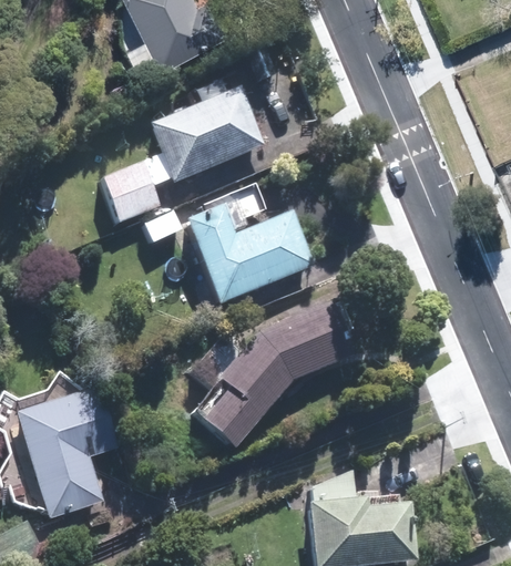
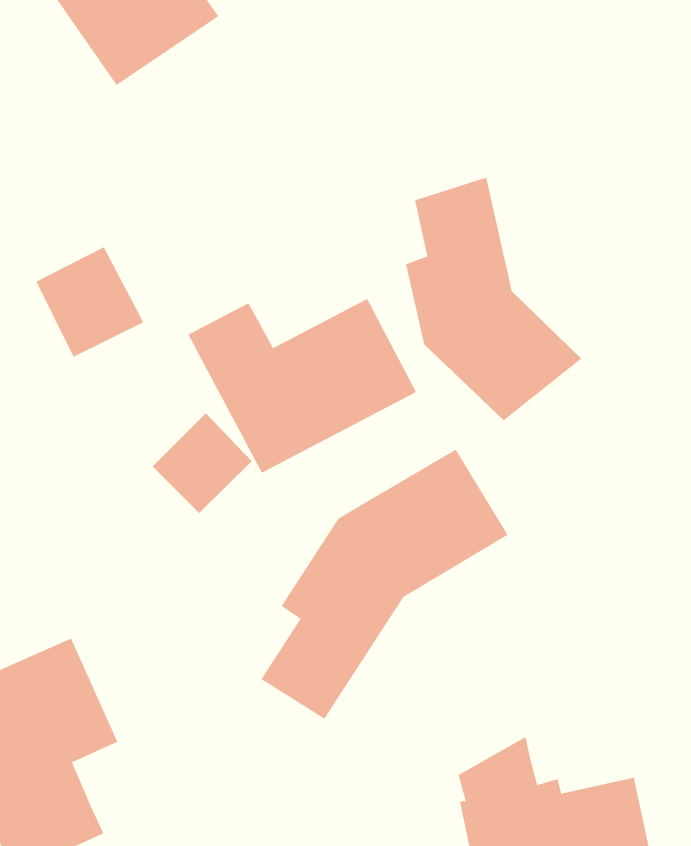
building: [147,85,262,181] -> none
building: none -> [405,177,582,421]
building: none -> [152,412,252,514]

